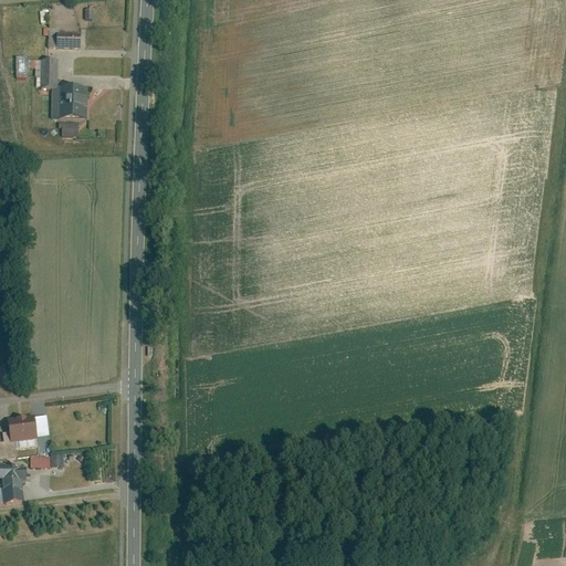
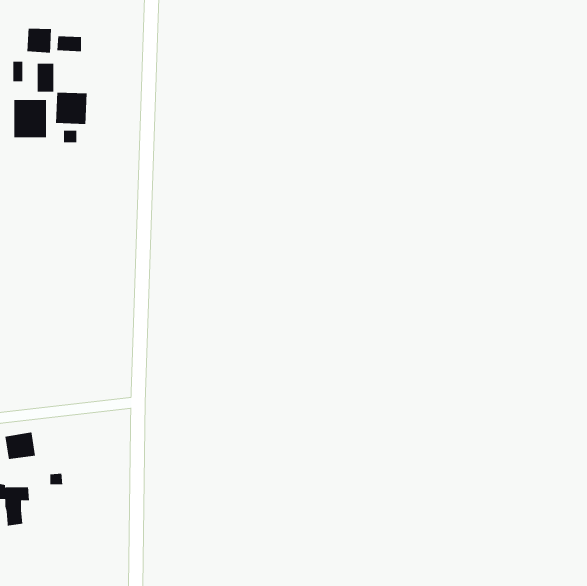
building: none -> [27,28,52,54]
building: none -> [14,99,46,138]

